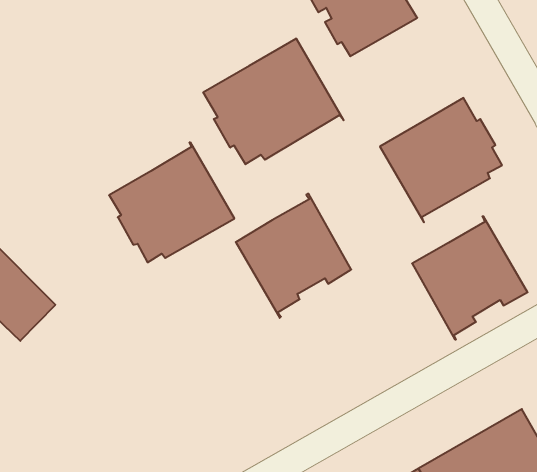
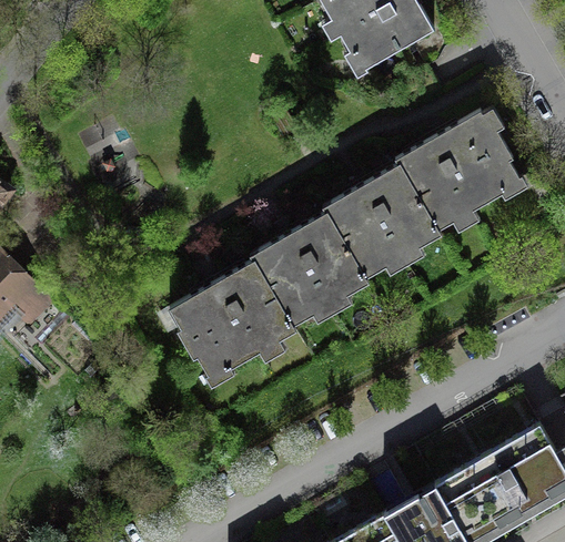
building: [203,38,344,164] -> none
building: [109,143,234,262] -> [169,257,295,378]
building: [412,216,528,339] -> [324,161,441,285]

